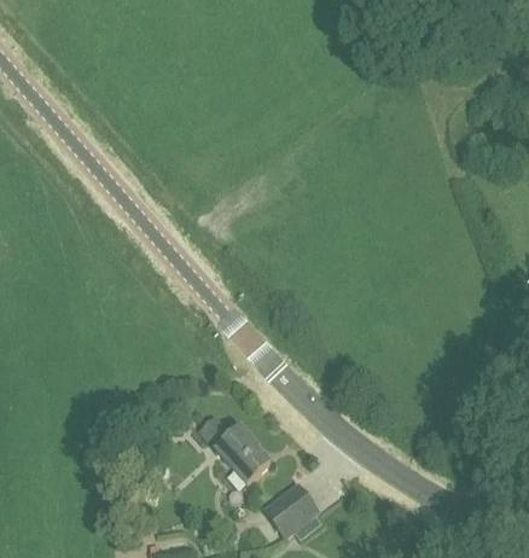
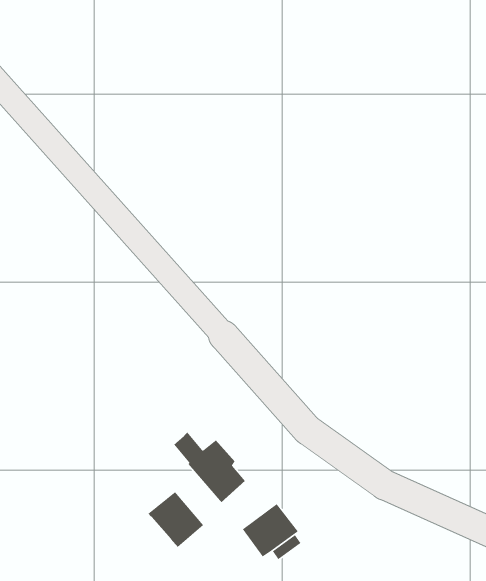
building: none -> [148,491,204,548]

